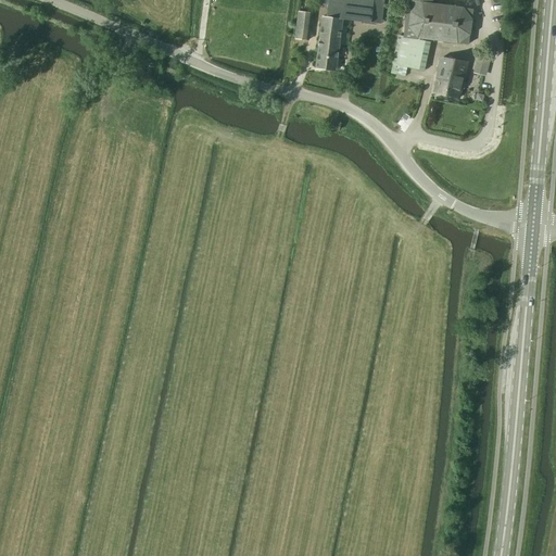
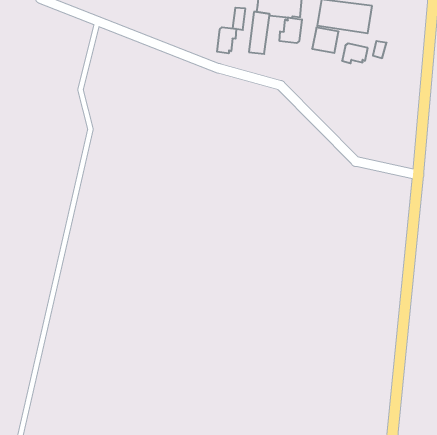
building: none -> [280,17,302,43]
building: none -> [217,27,236,53]
building: [432,76,464,96] -> none

